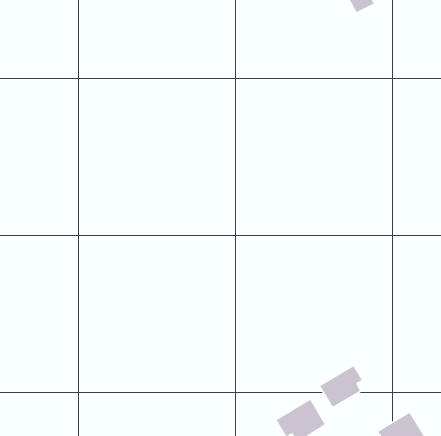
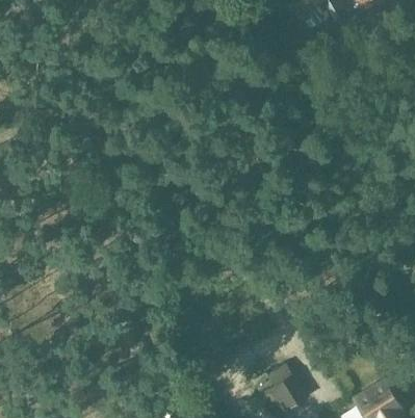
building: [319,365,363,408] -> none

